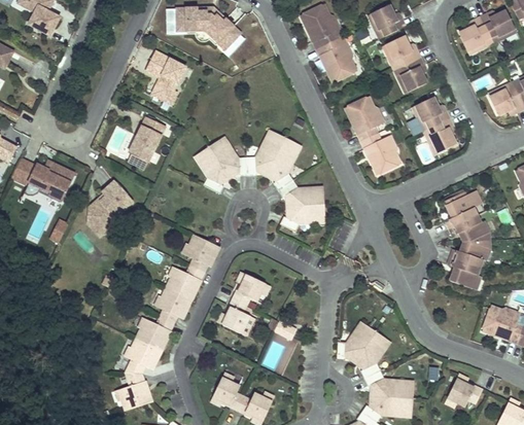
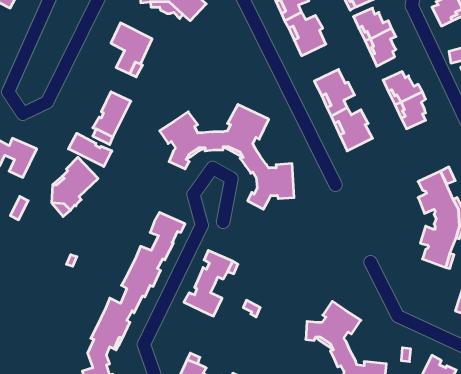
building: none -> [68,133,112,167]

